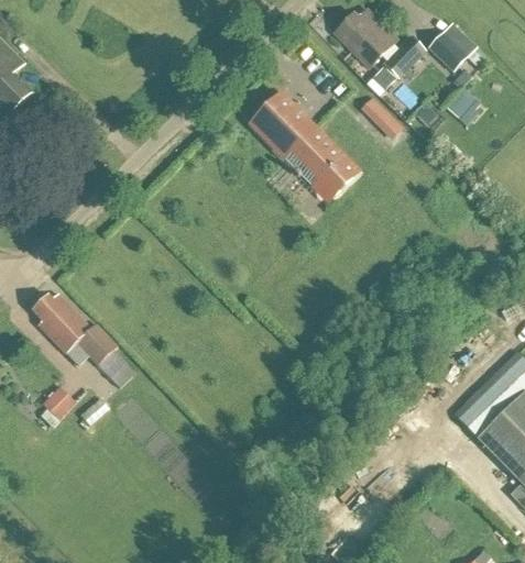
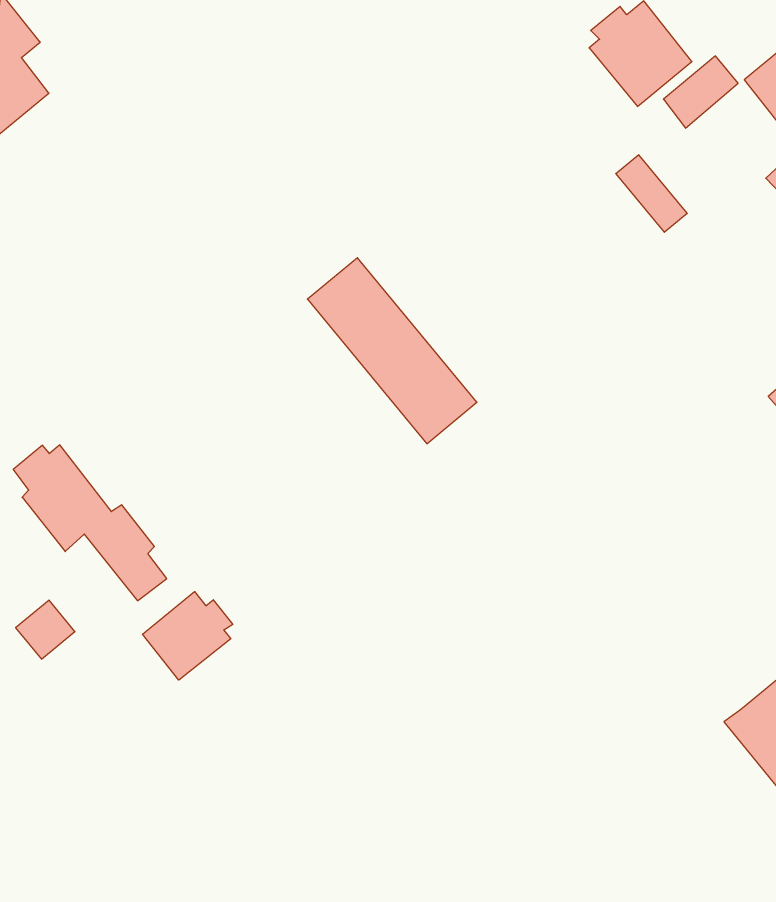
building: [254,96,357,198] -> [307,258,477,444]
building: none -> [143,592,233,680]

